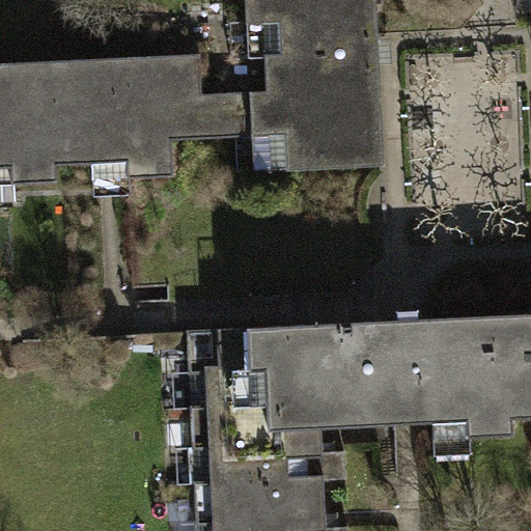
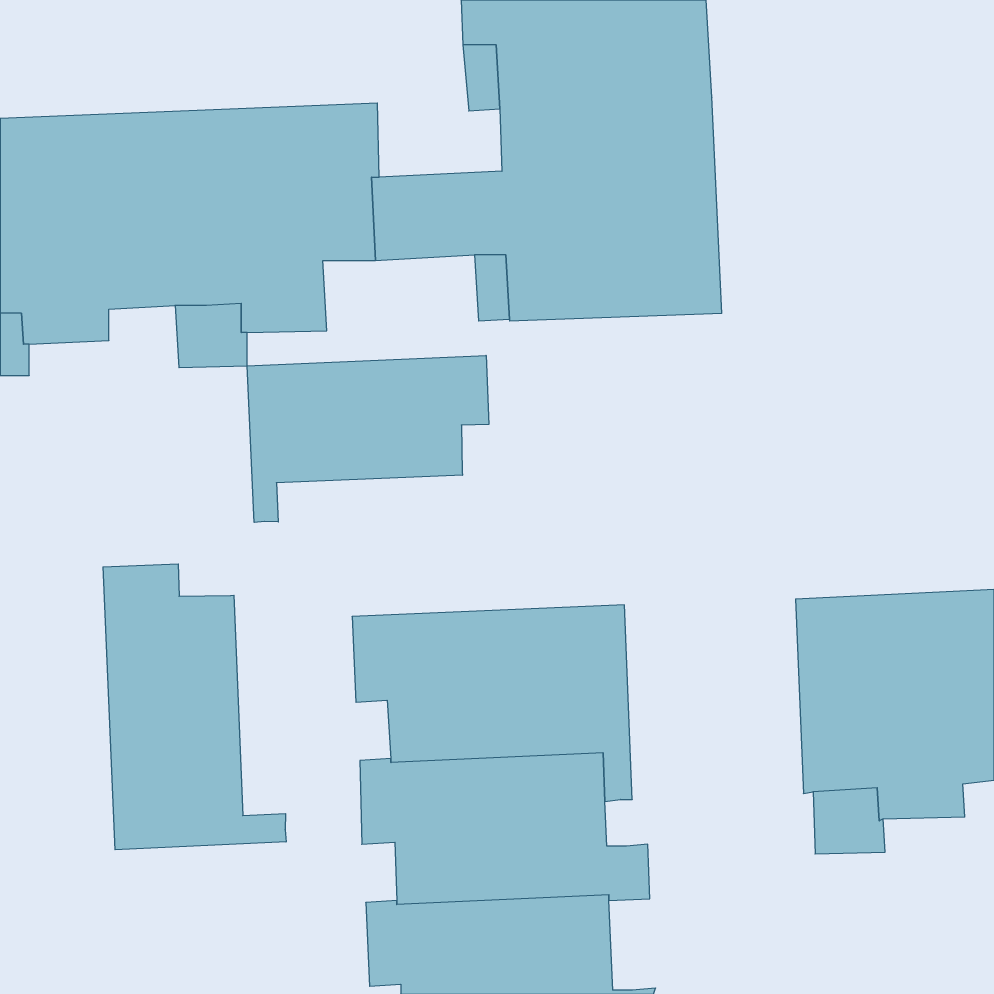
building: none -> [247,355,489,522]
building: none -> [103,564,286,850]
building: [333,319,428,426] -> none

